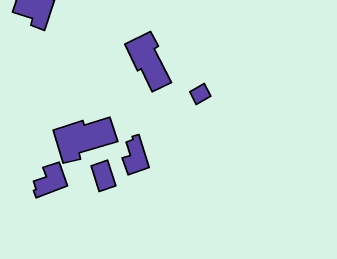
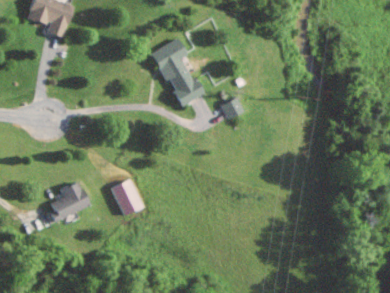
building: [53,117,118,163] -> none
building: [122,135,149,175] -> none

